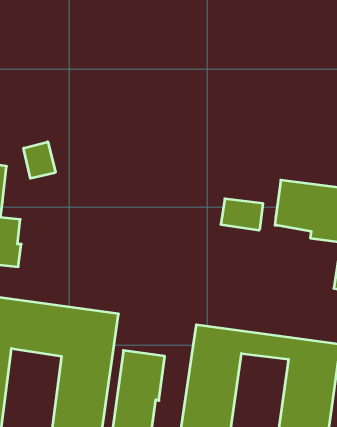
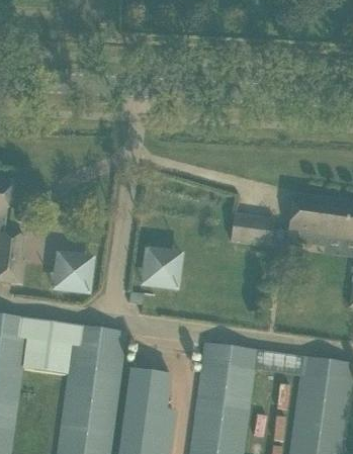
building: [24,142,56,178] -> none
building: none -> [146,249,187,290]
building: none -> [56,251,99,295]

